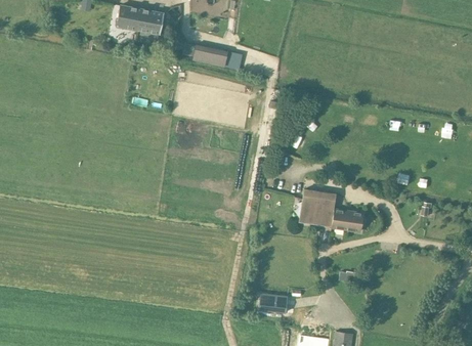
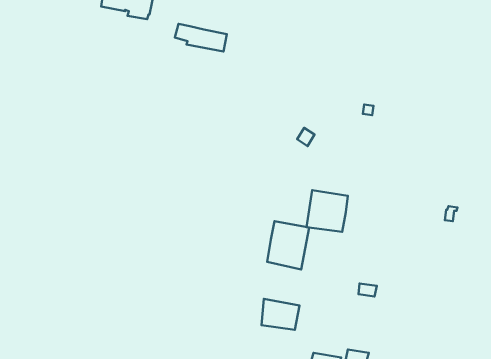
building: [331,209,363,231] -> none
building: none -> [267,221,309,270]

